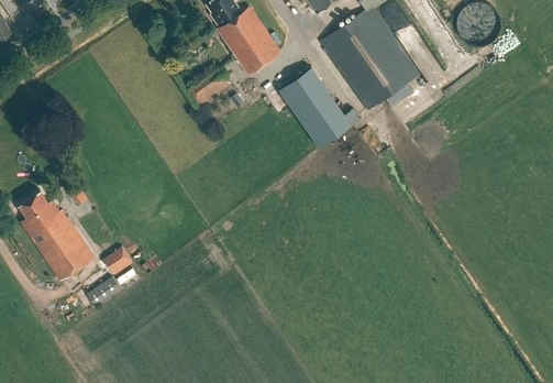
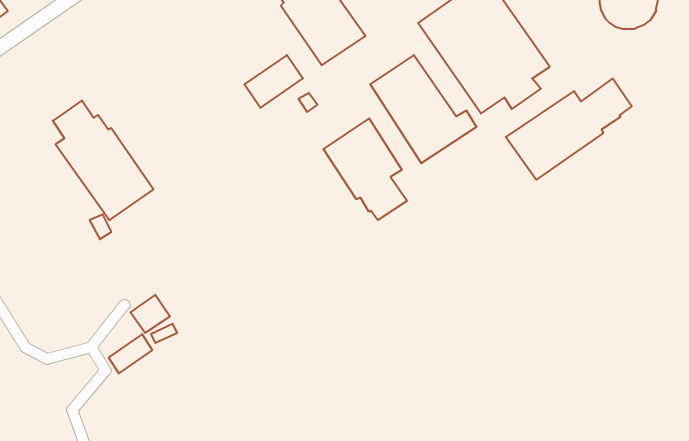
building: none -> [506,79,632,180]
building: none -> [323,118,407,220]
building: [18,189,93,280] -> [53,100,153,220]

